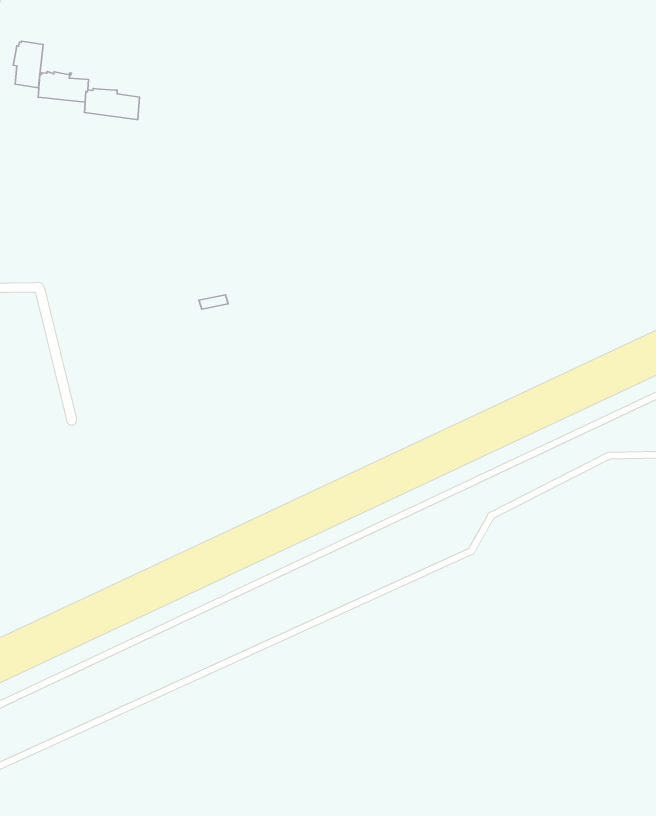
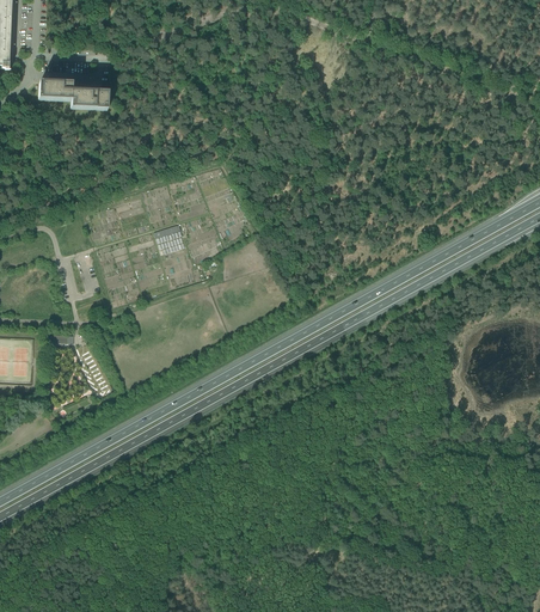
building: [13,41,43,88] -> none

